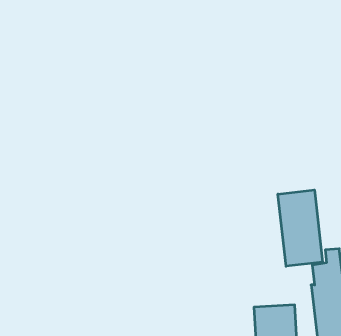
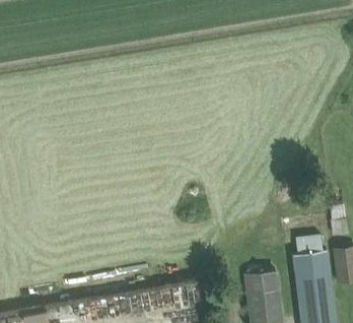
building: [278,190,323,266] -> none

